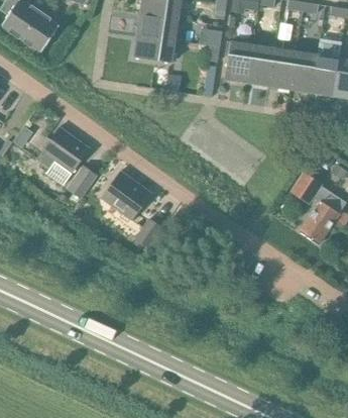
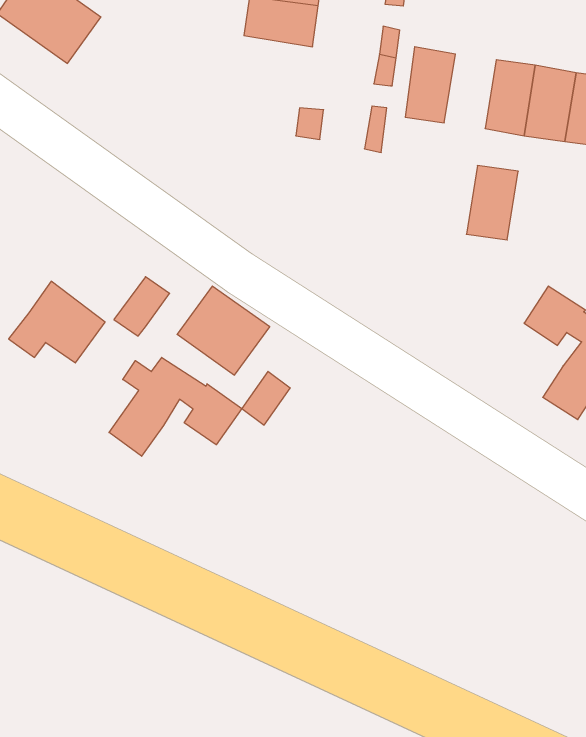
building: [134,34,175,62] -> none
building: [246,44,274,85] -> [466,166,518,240]
building: [36,126,89,171] -> [9,281,105,363]
building: none -> [109,357,242,456]

